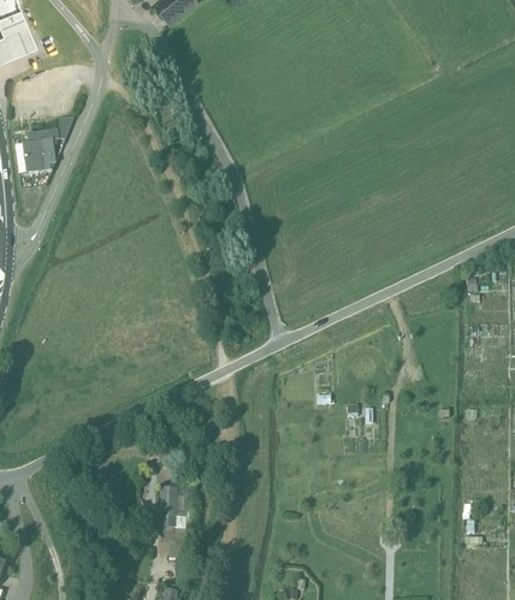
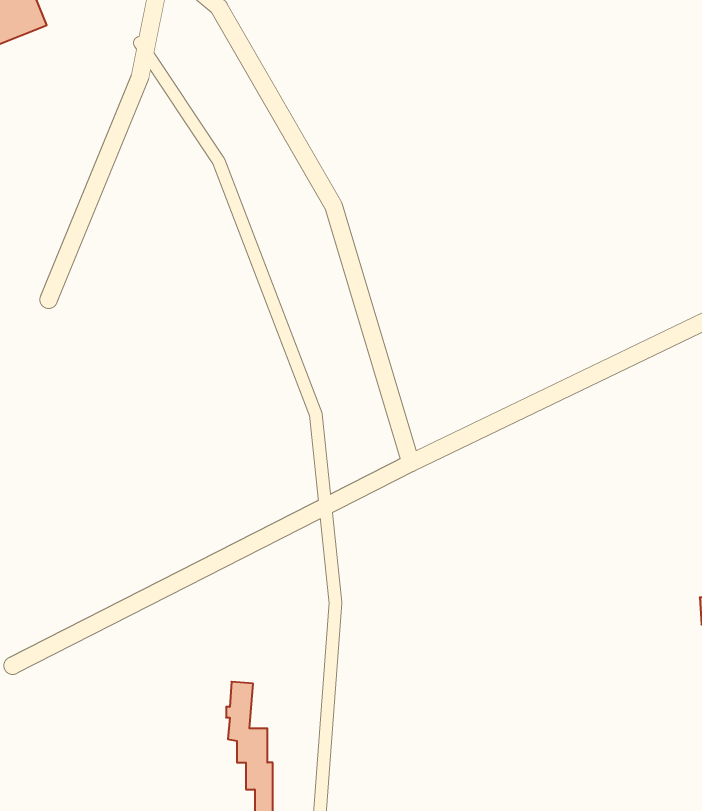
building: [24,118,72,174] -> none

